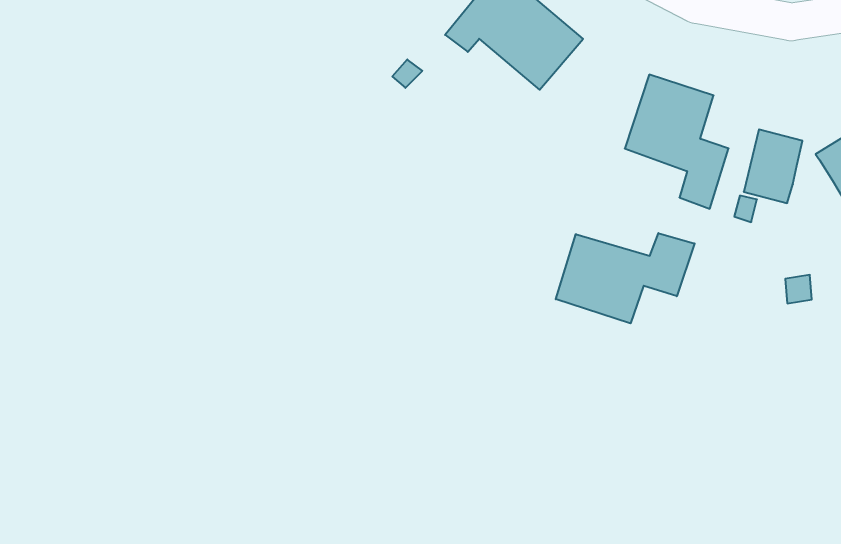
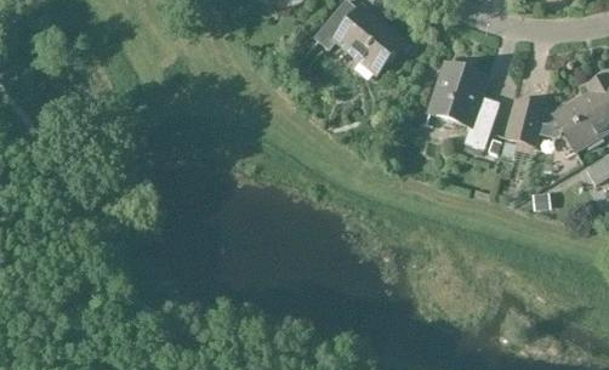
building: [556,233,695,323] -> none

